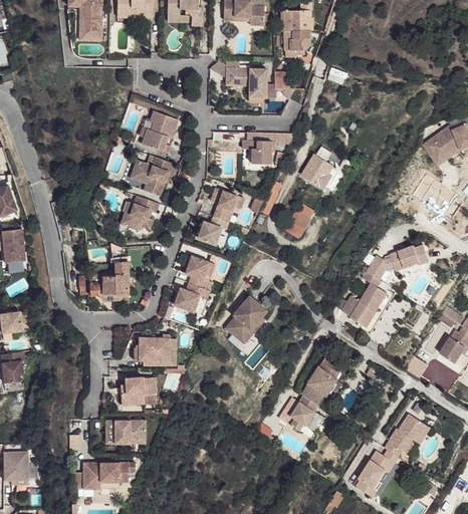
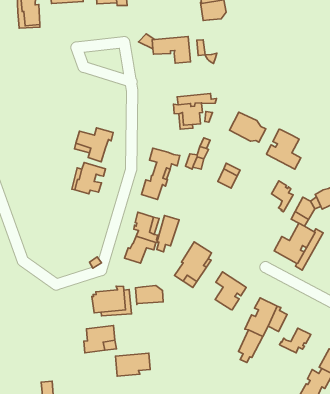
building: [144,110,180,154] -> none
building: none -> [266,129,301,169]
building: none -> [271,181,293,212]
building: [89,261,129,301] -> none
building: none -> [157,215,179,252]
building: none -> [215,272,246,310]
building: none -> [136,285,163,304]
building: none -> [280,328,311,353]
building: [105,422,143,444] -> [115,353,150,376]

